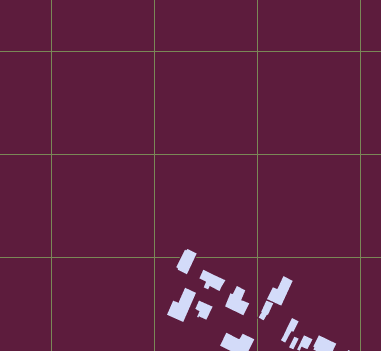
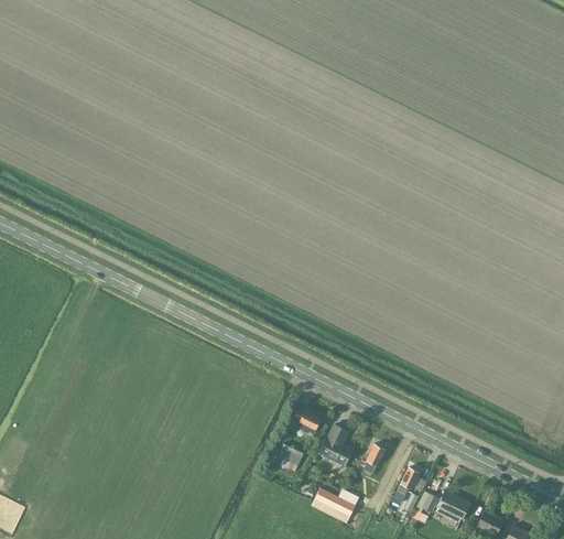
building: [176,248,198,275] -> none
building: [266,275,294,306] -> none
building: [166,287,197,323] -> none

